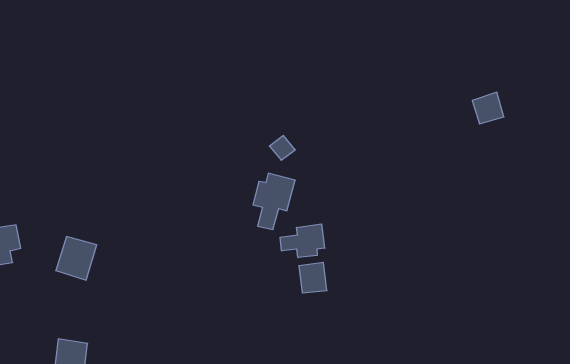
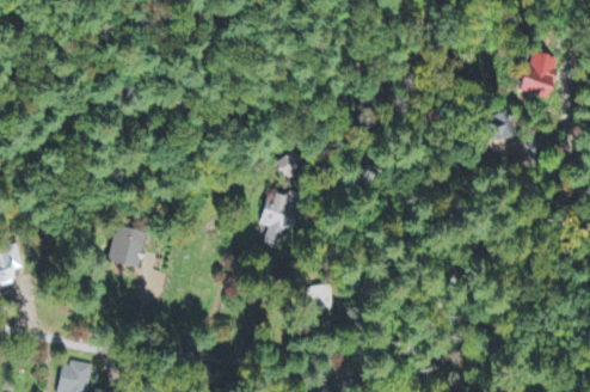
building: none -> [516,50,558,99]
building: [280,224,325,258] -> none
building: [56,237,97,280] -> [106,225,148,269]

